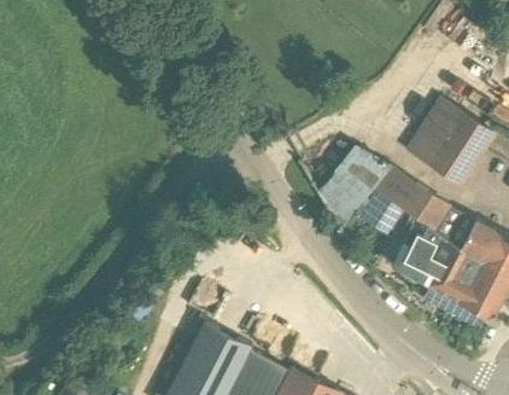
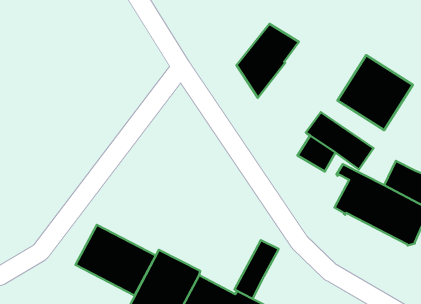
building: [317,144,388,228] -> [237,24,299,98]
building: none -> [76,225,156,296]
building: none -> [234,240,279,299]

